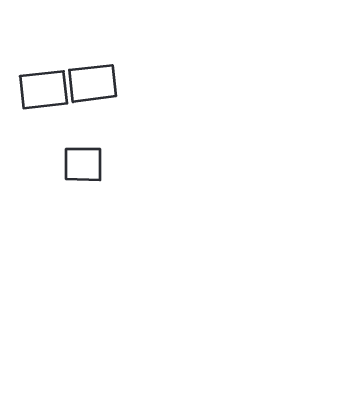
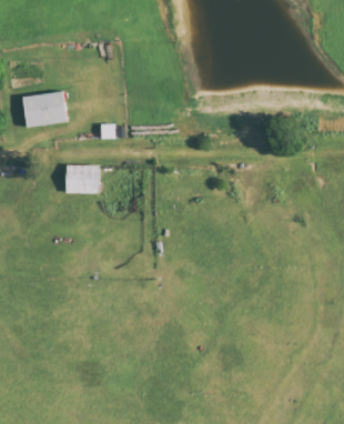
building: [69,65,116,102] -> none

